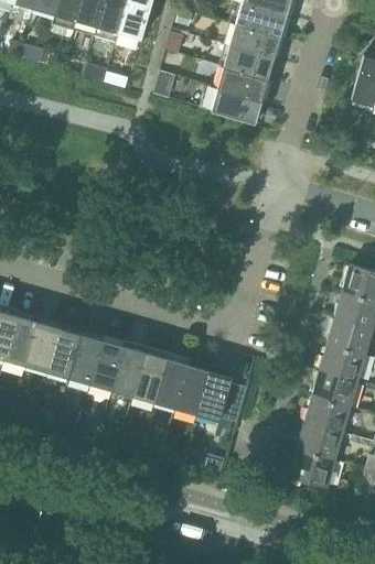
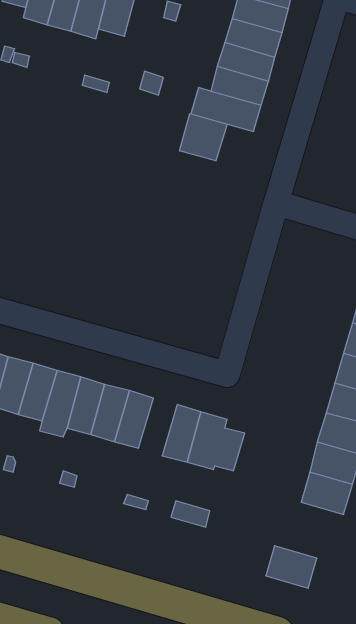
building: none -> [180,114,227,161]
building: [153,359,188,410] -> none
building: [289,451,334,488] -> [266,546,317,588]

